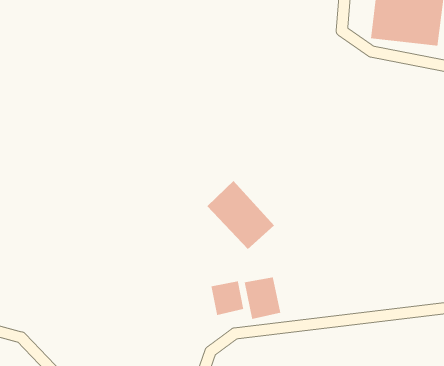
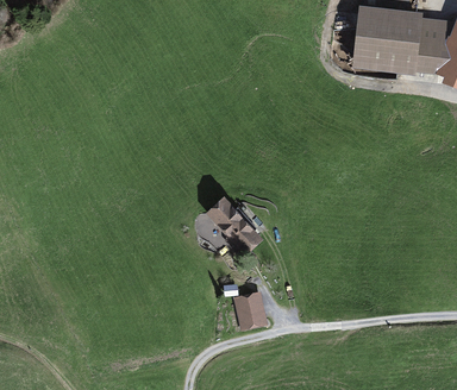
building: [211,280,244,316] -> none

